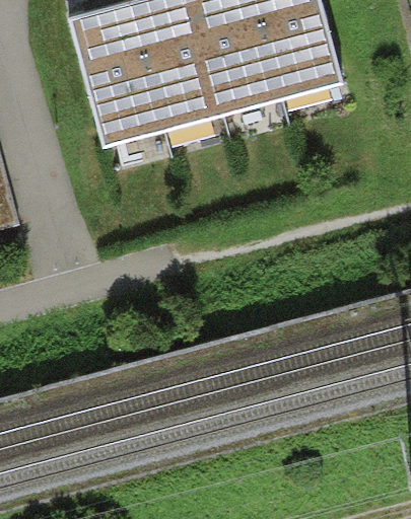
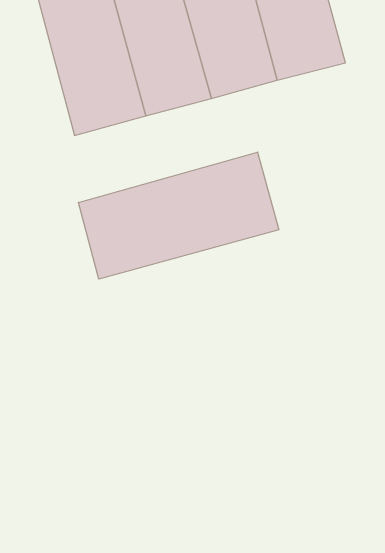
building: none -> [78,152,279,279]

